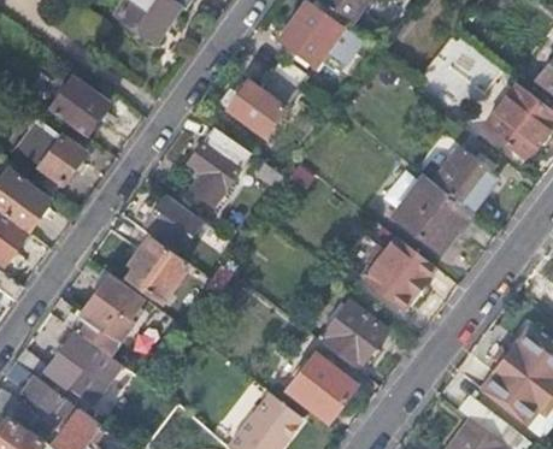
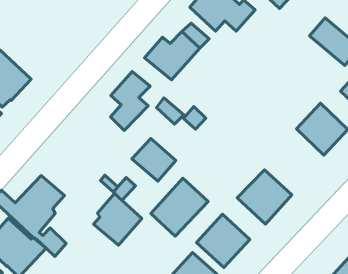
building: [49,76,110,134] -> none
building: [394,176,471,250] -> none
building: [145,195,201,249] -> [132,138,176,181]
building: [127,235,188,301] -> [94,193,142,245]
building: none -> [151,178,208,236]

